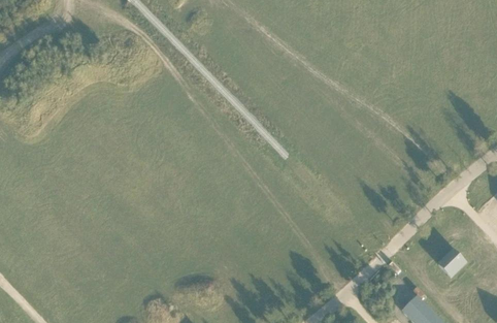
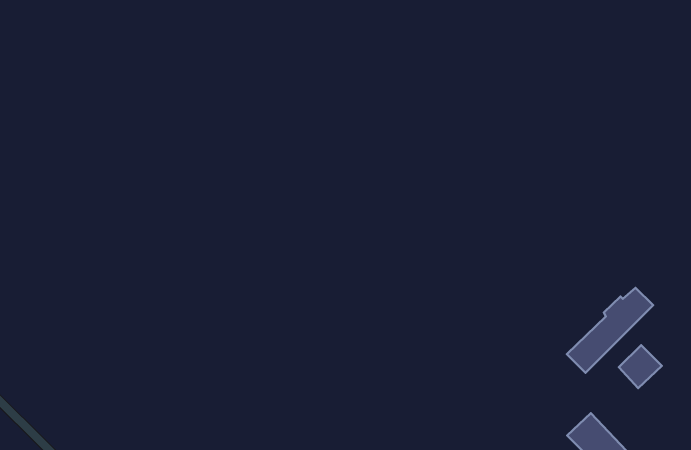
building: none -> [567,288,653,373]

